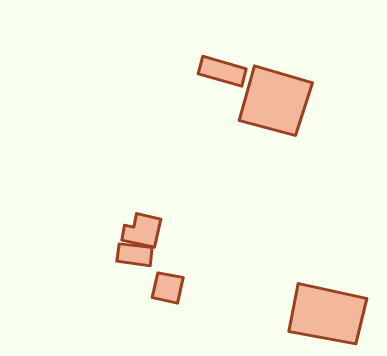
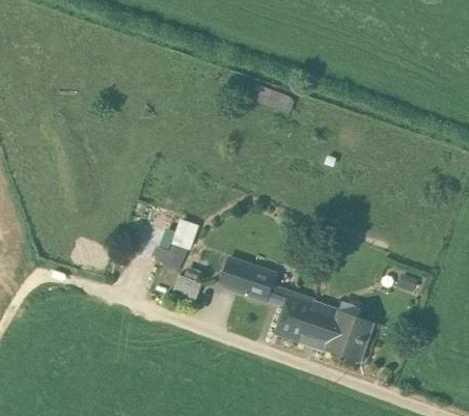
building: [239,66,312,135] -> none
building: none -> [221,259,314,342]

